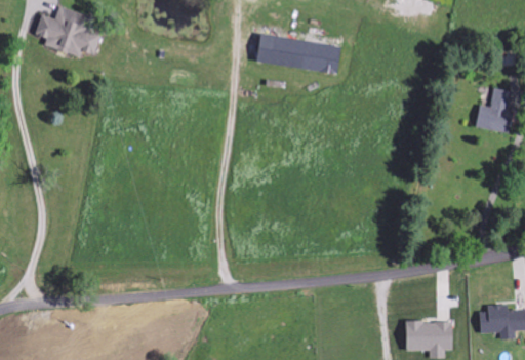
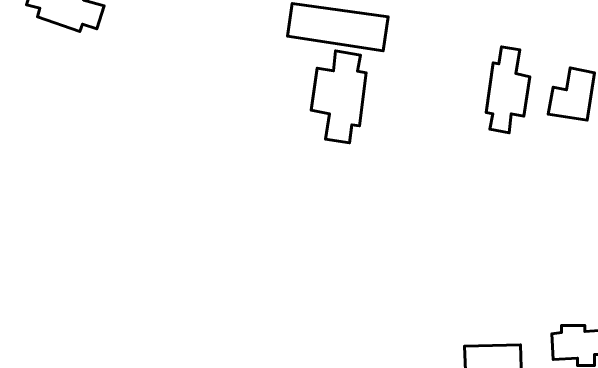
building: none -> [486,47,530,133]
building: none -> [311,51,366,143]

